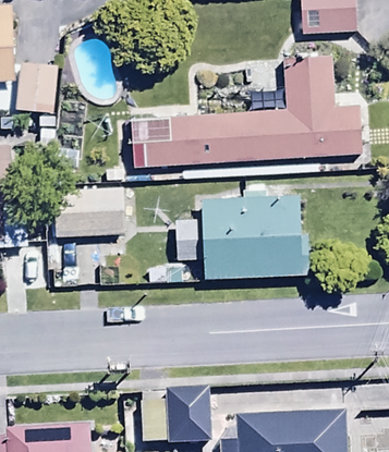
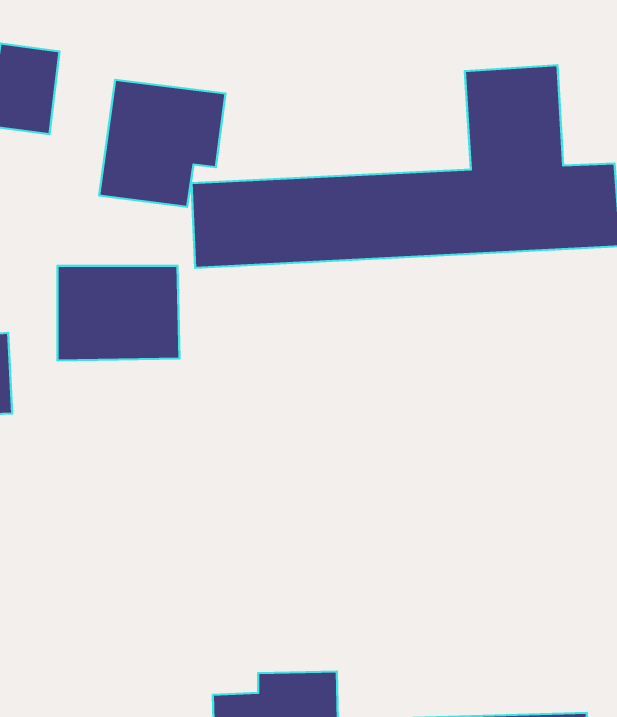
building: none -> [99,80,225,207]
building: [174,181,306,262] -> none

